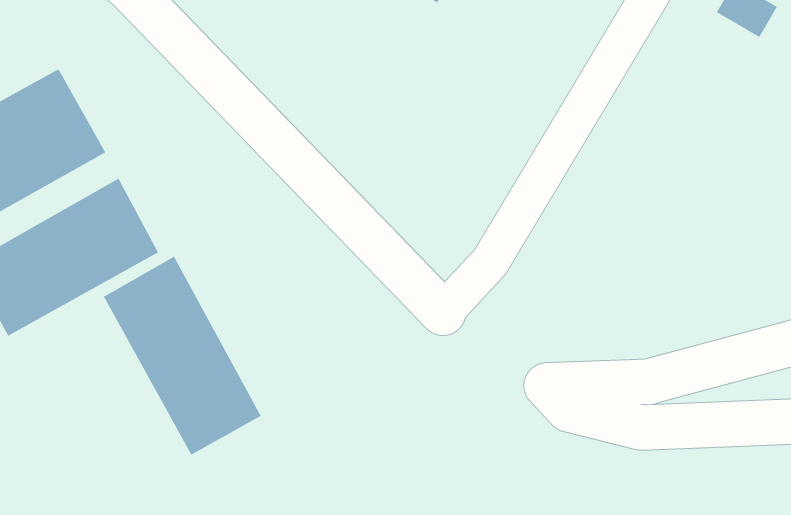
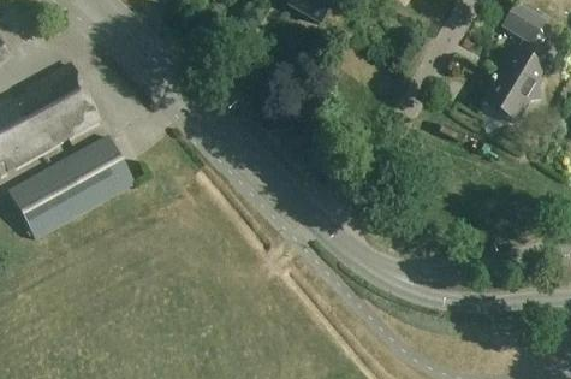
building: none -> [483,47,548,120]
building: [103,256,261,456] -> none

